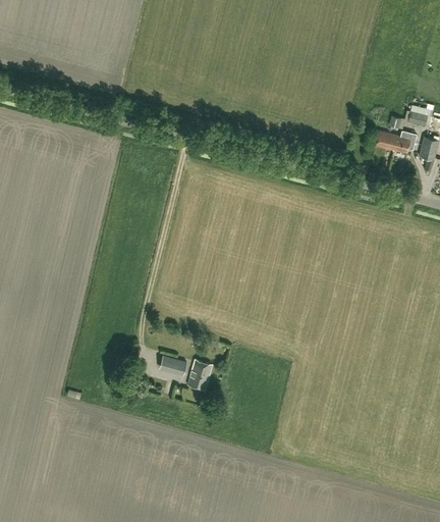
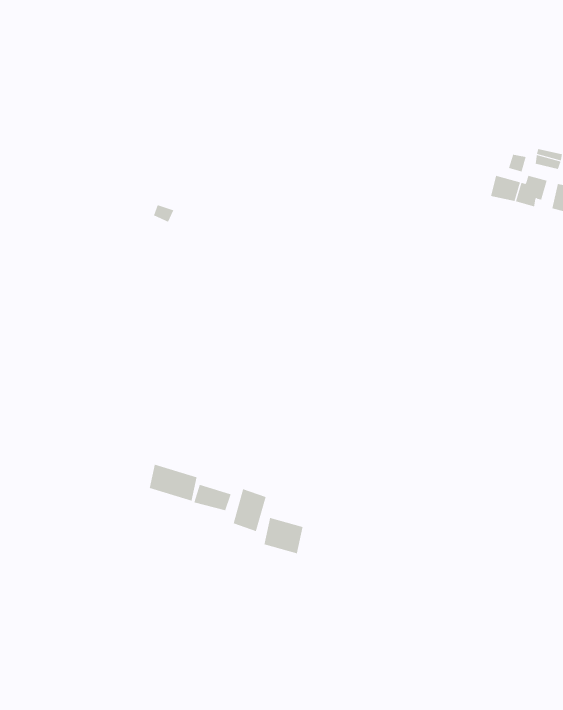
building: none -> [149,464,197,502]
building: none -> [264,517,303,554]

